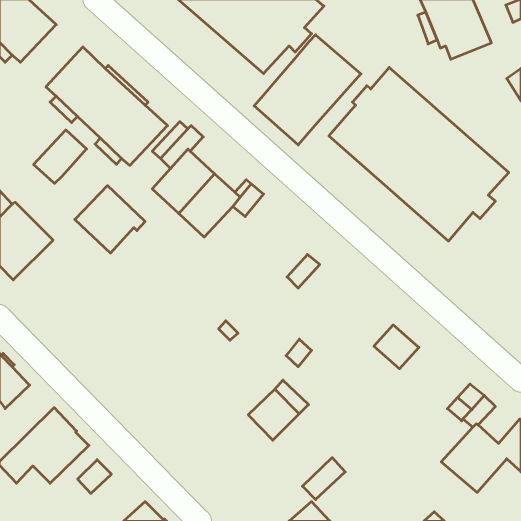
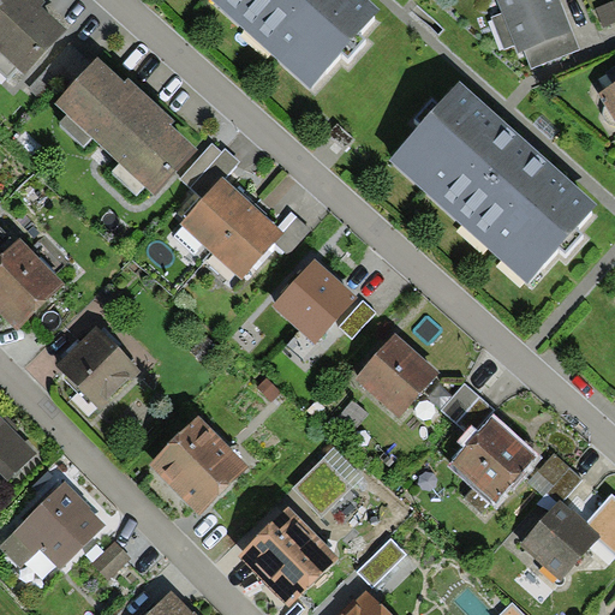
building: [254,35,361,145] -> none
building: [34,130,87,183] -> none
building: [75,186,145,253] -> [56,328,139,407]
building: none -> [271,257,357,344]
building: none -> [353,332,438,418]
building: none -> [148,414,247,514]
building: none -> [447,416,535,503]
building: none -> [238,506,338,605]

